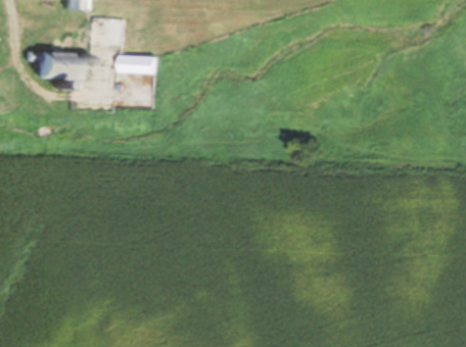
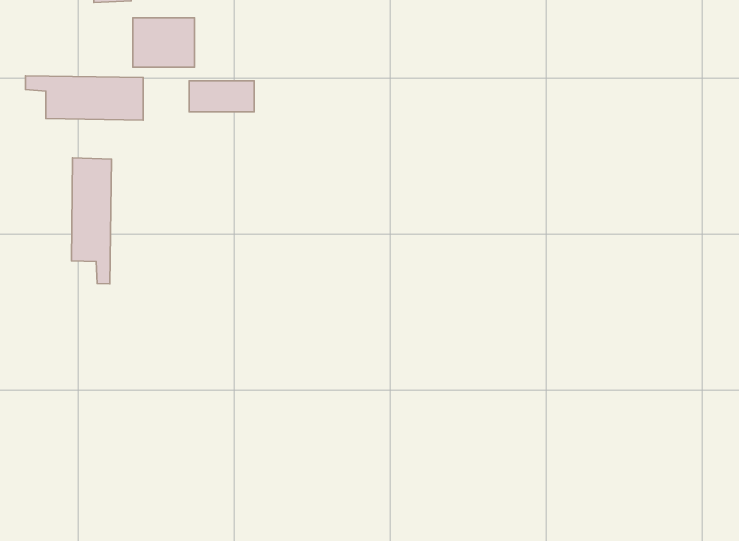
building: none -> [71,158,111,284]

